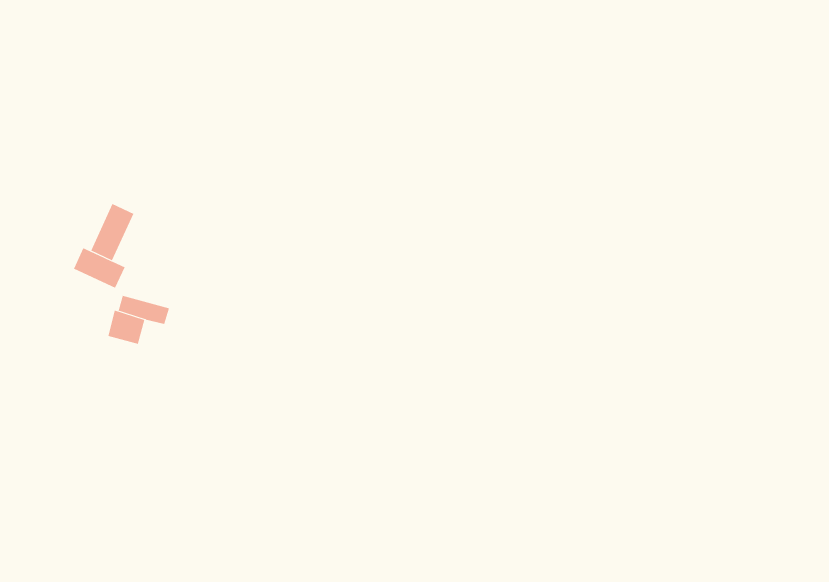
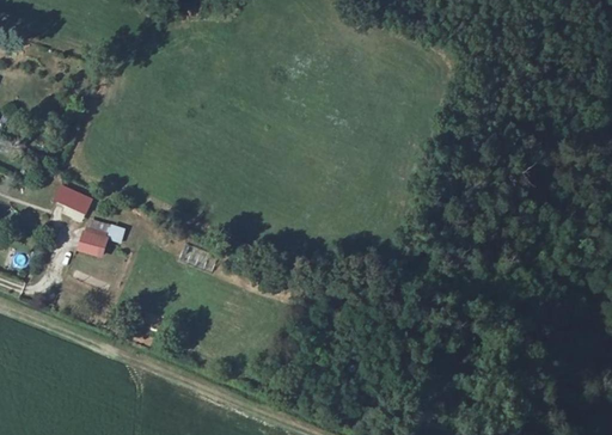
building: [90,203,134,261] -> none

